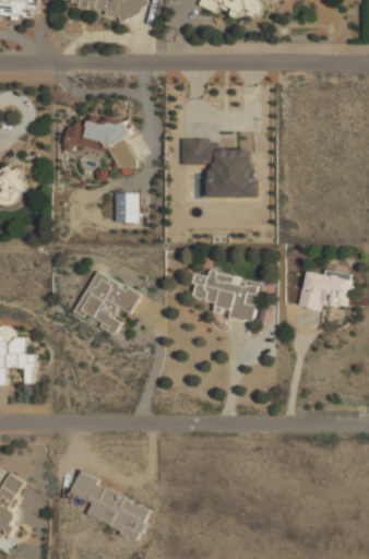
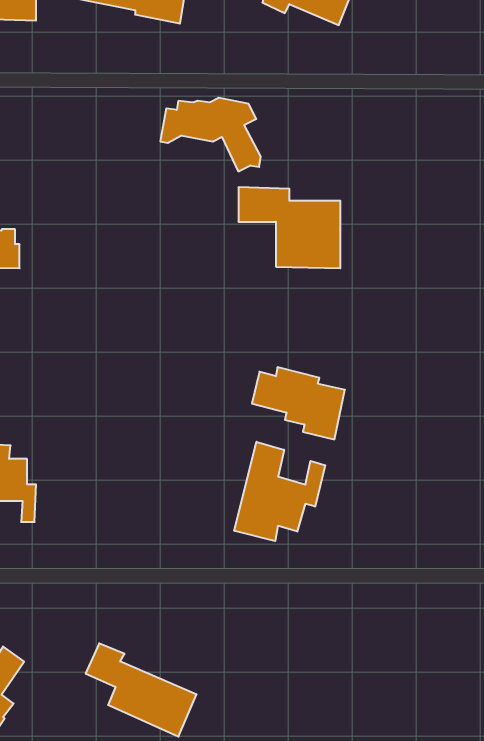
building: [62,118,135,171] -> [160,98,261,171]
building: [115,192,139,222] -> none
building: [299,271,349,308] -> none
building: [74,272,140,334] -> none
building: none -> [234,442,325,541]

